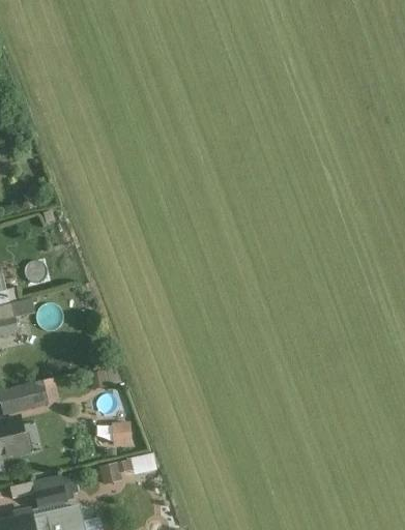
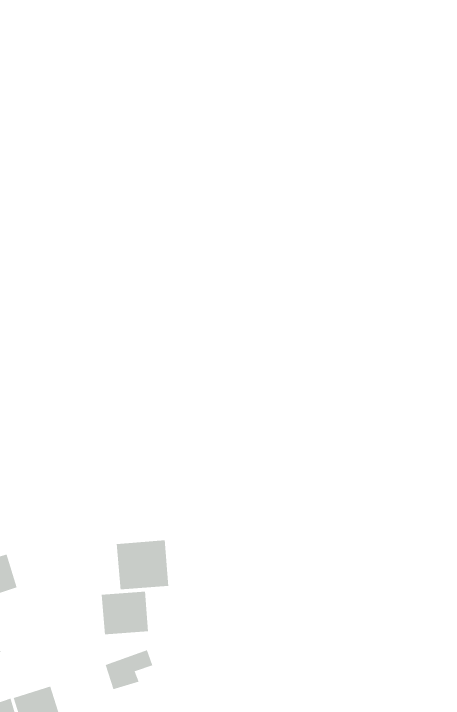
building: none -> [116,540,169,590]

